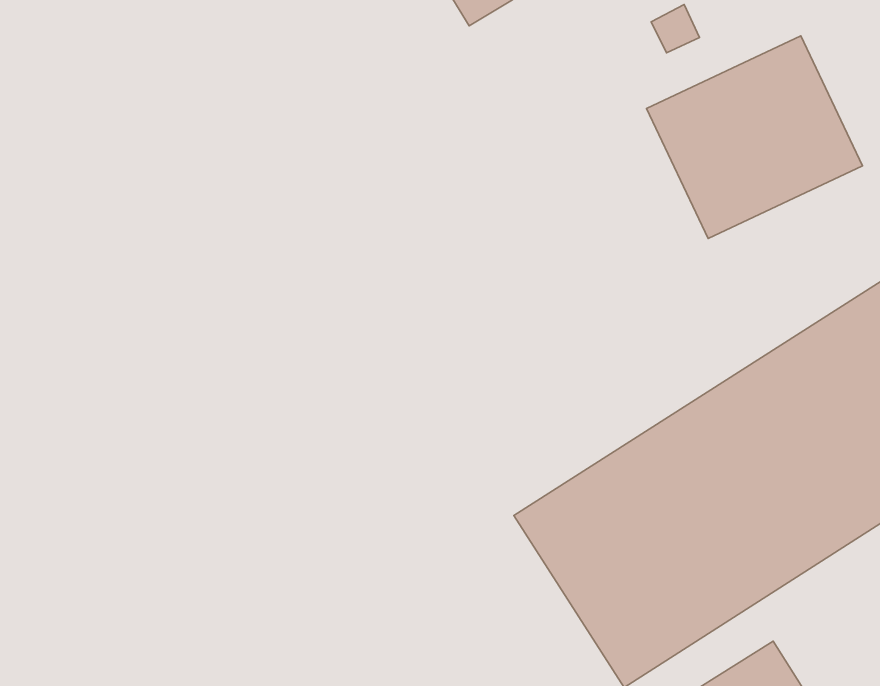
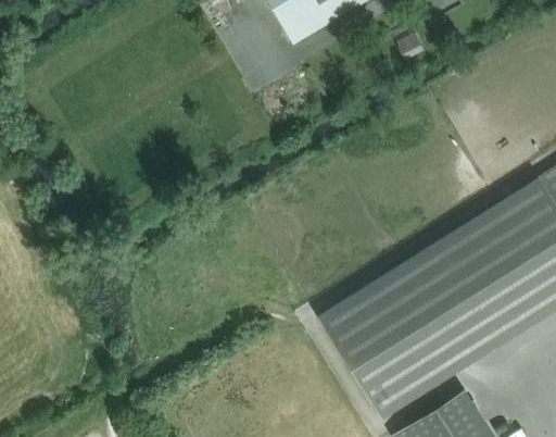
building: [647,36,862,238] -> none

